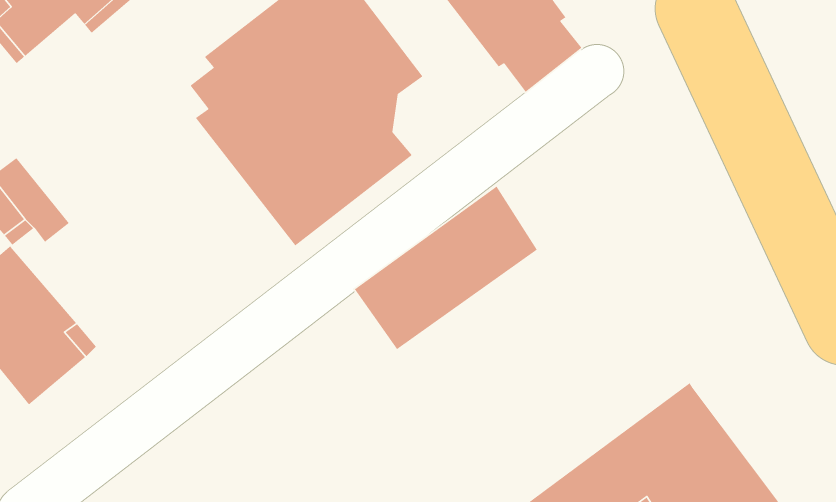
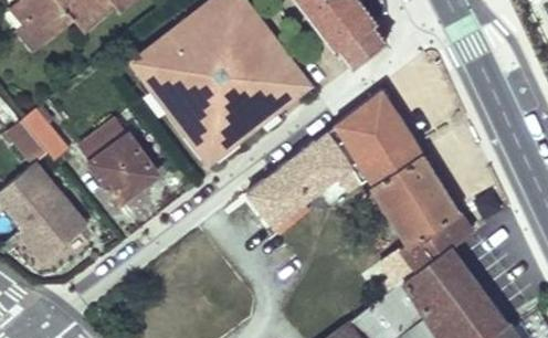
building: none -> [270,59,309,107]
building: none -> [334,88,473,285]
building: none -> [80,119,158,202]

